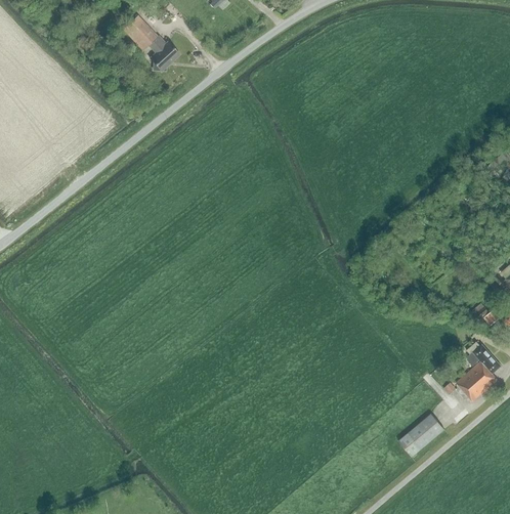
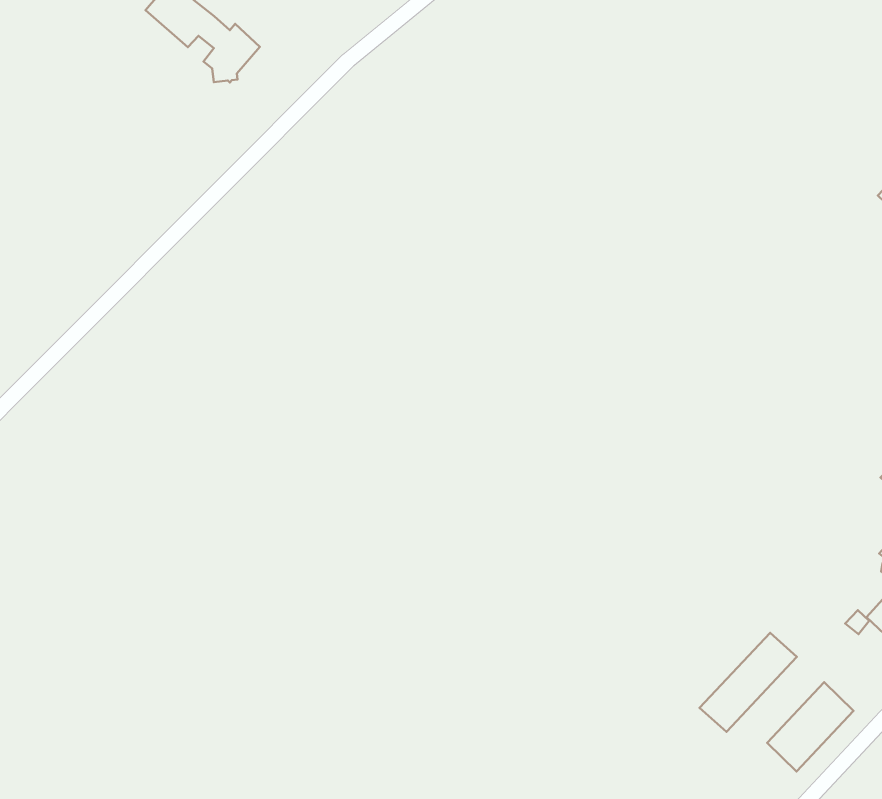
building: none -> [700,633,797,732]

